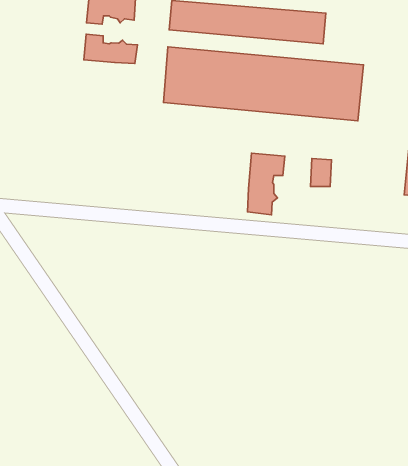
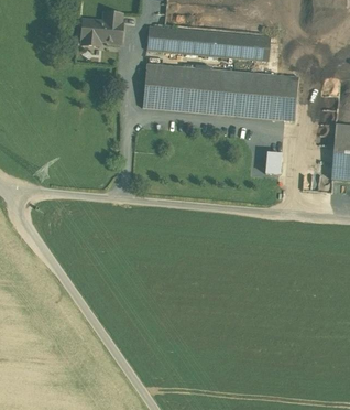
building: [84,34,137,63] -> none
building: [248,153,285,215] -> none

